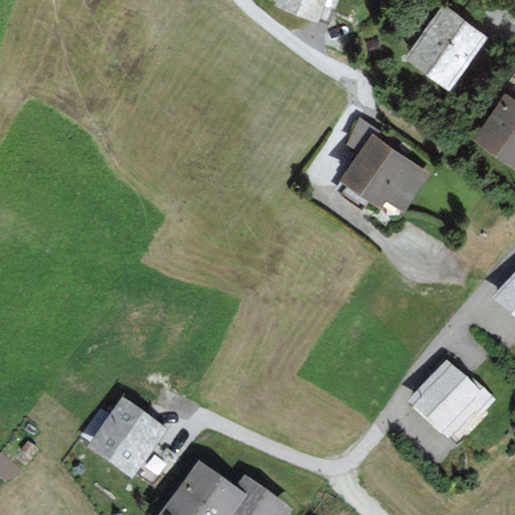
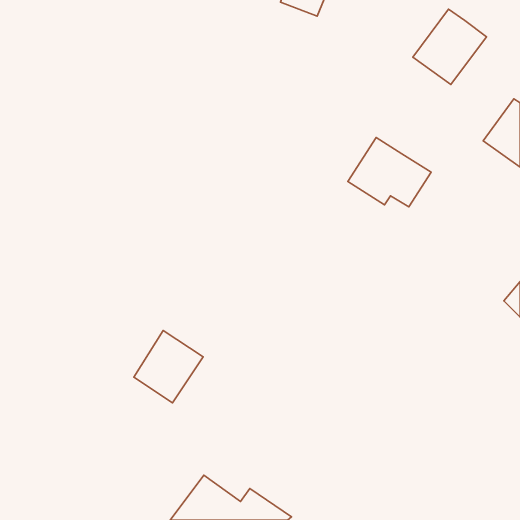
building: [412,362,489,432] -> none
building: [94,399,162,471] -> [134,330,203,403]

